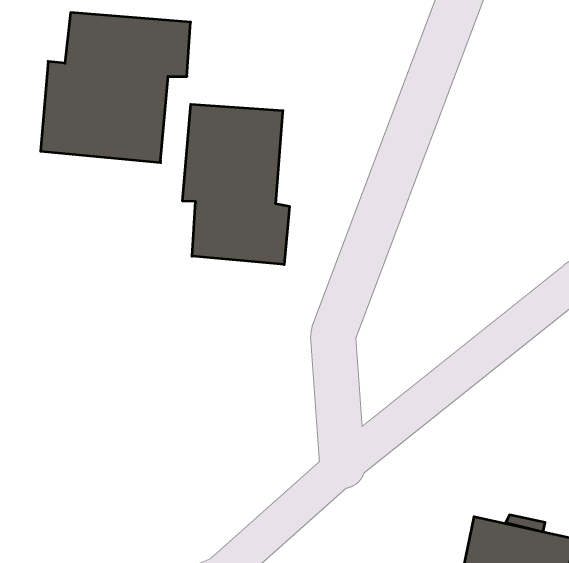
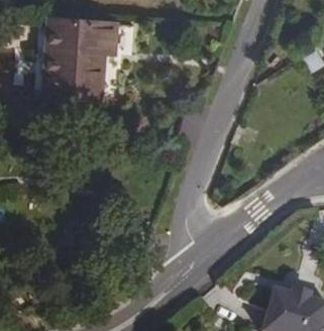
building: [183,104,289,265] -> none

